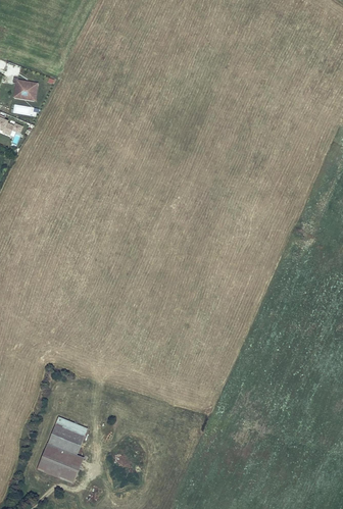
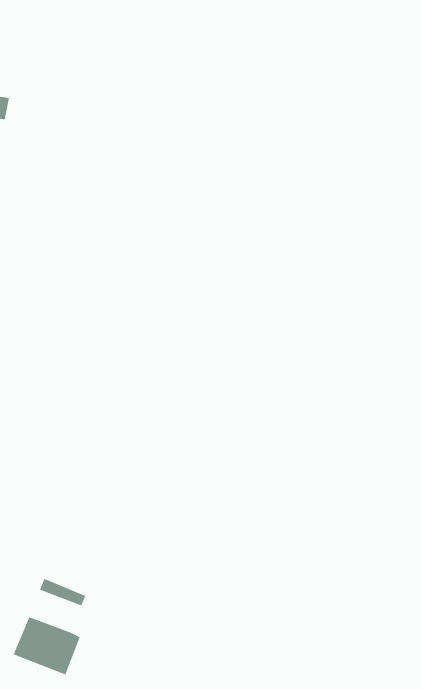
building: [48,424,85,454] -> none

